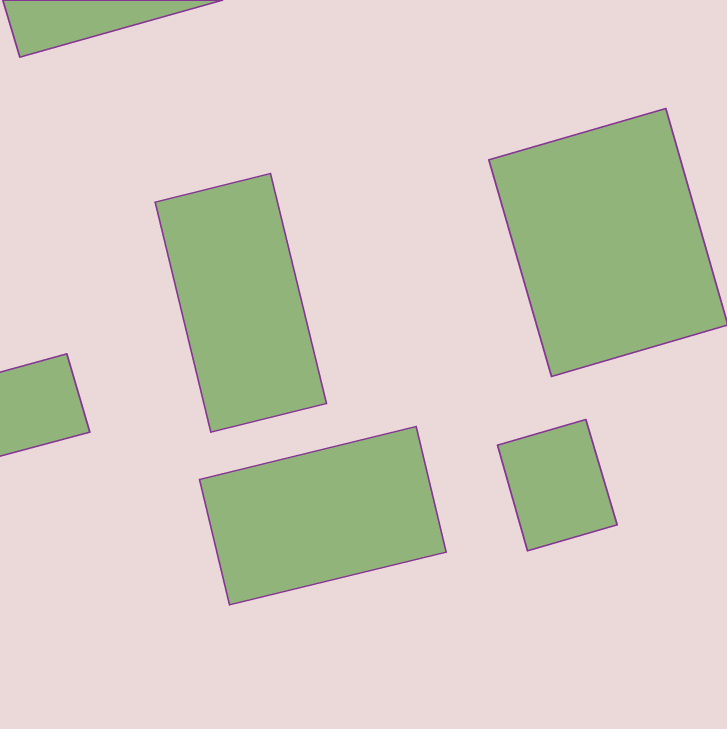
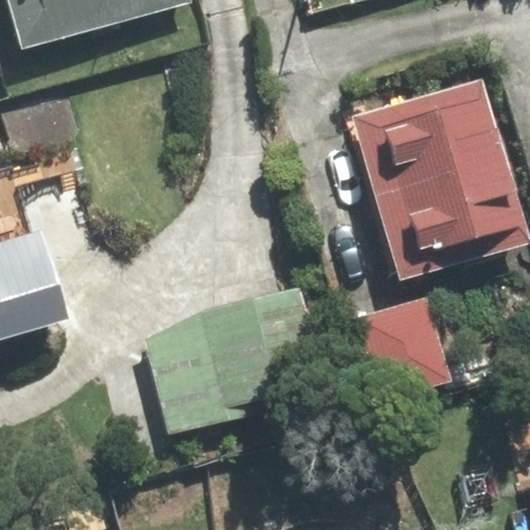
building: [155,173,327,432] -> none

